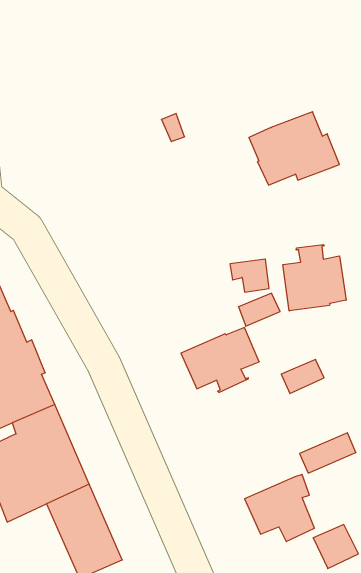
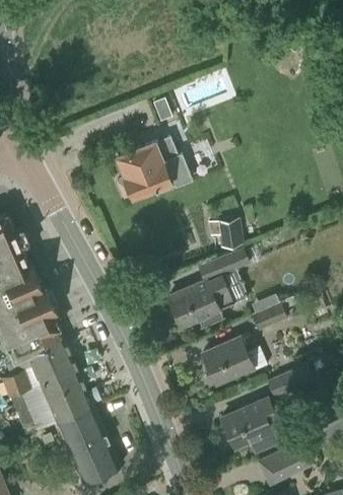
building: [249,112,339,185] -> [117,136,192,197]
building: [283,245,346,311] -> none
building: none -> [202,334,267,383]

